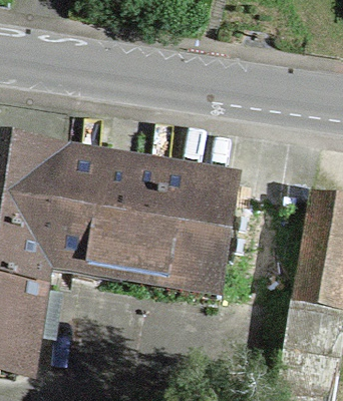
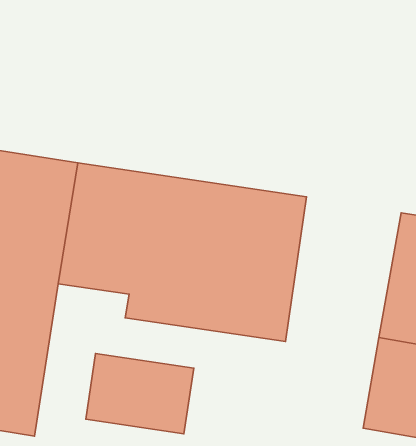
building: none -> [86,354,194,434]

